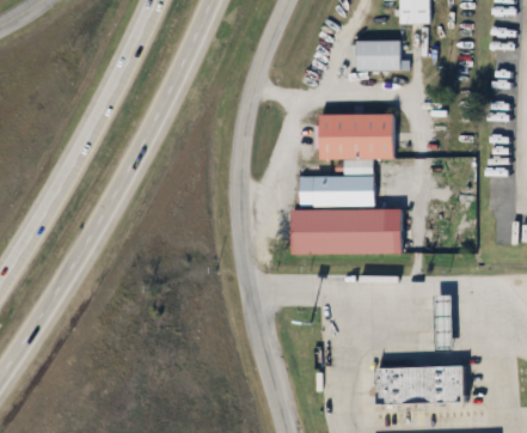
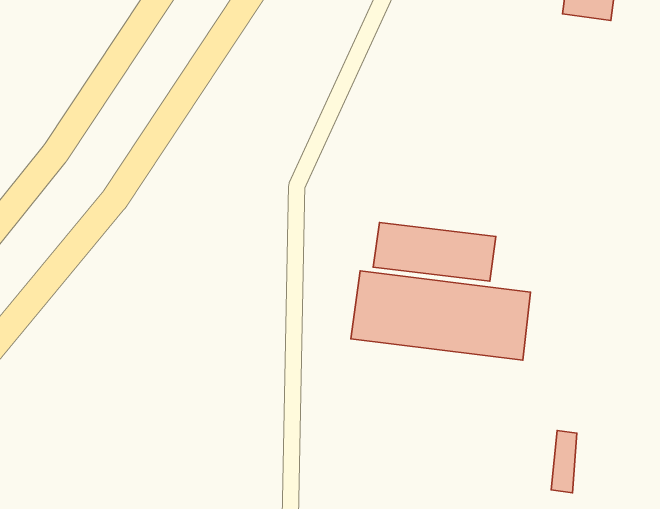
building: [354,39,403,69] -> none
building: [320,112,396,159] -> none

